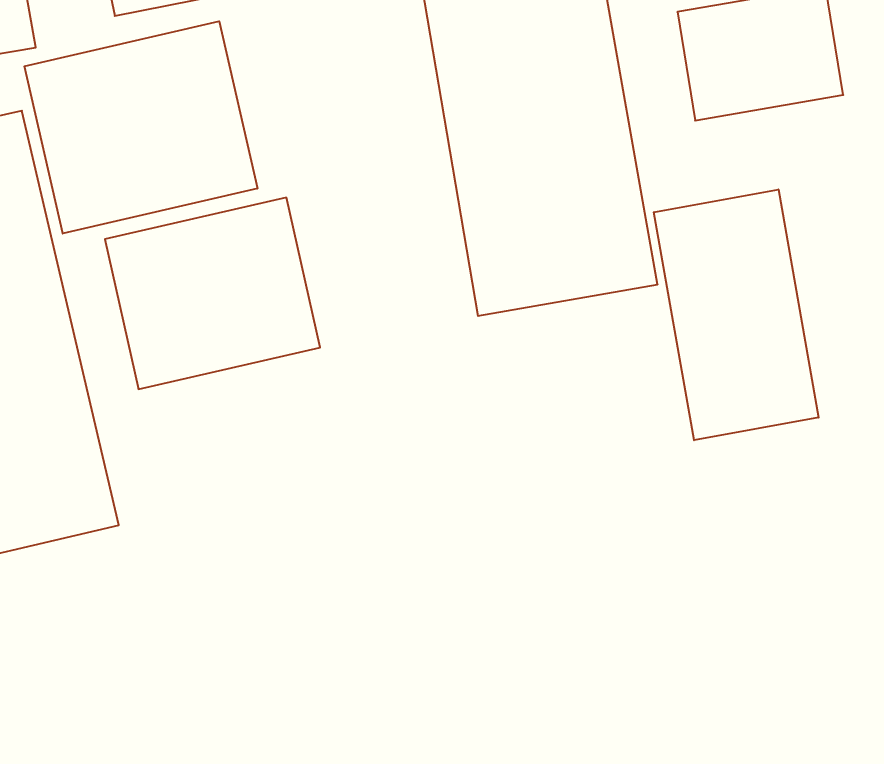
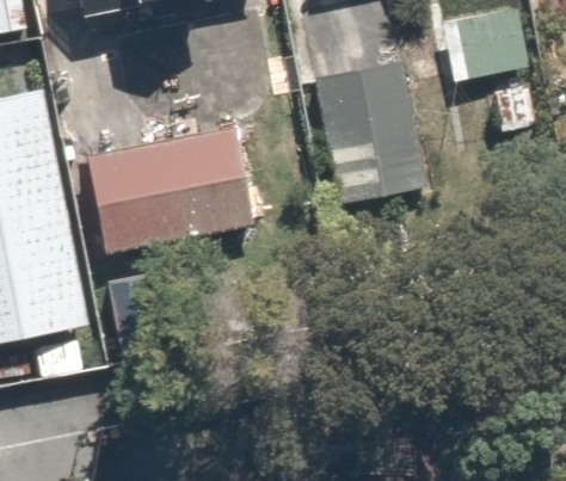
building: [24,21,257,234] -> none
building: [654,189,819,440] -> none

